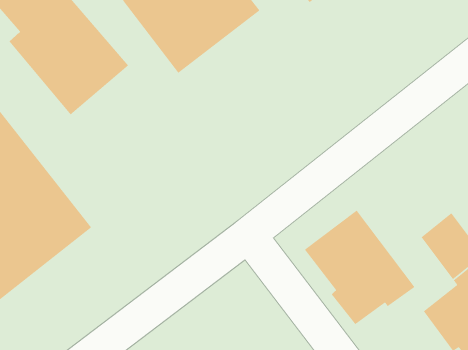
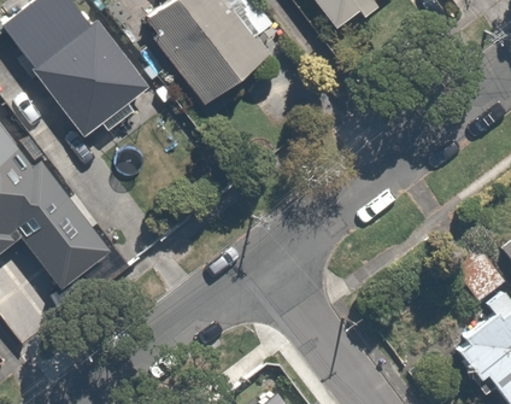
building: [304,210,416,325] -> none

